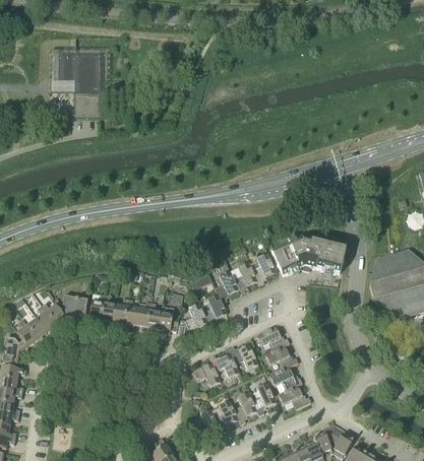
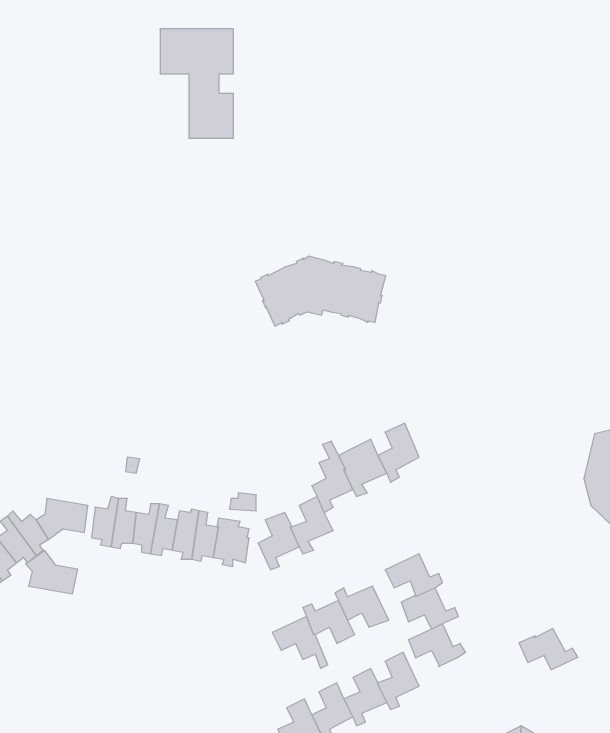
building: [58,56,100,118] -> [160,29,233,138]
building: [271,237,346,276] -> [255,256,386,326]
building: none -> [26,550,78,594]
building: [278,386,311,409] -> [519,629,578,670]

